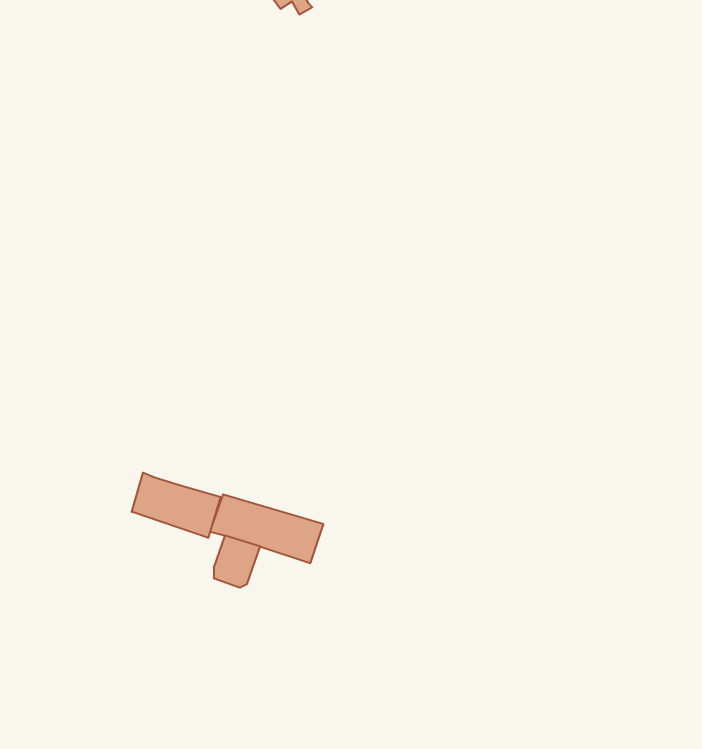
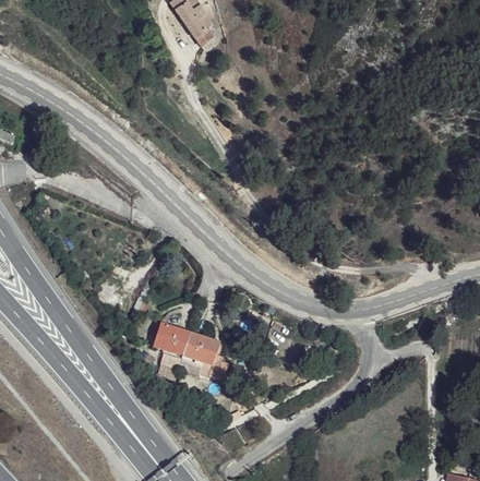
building: [132,473,220,538] -> none

